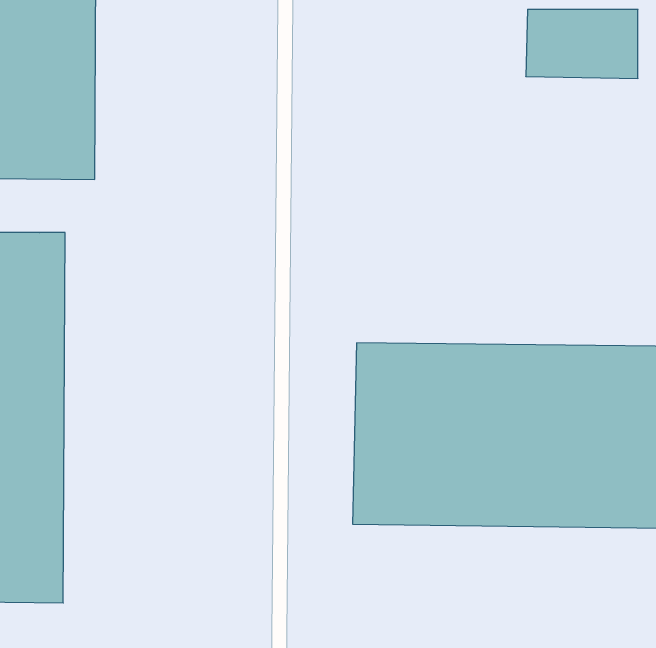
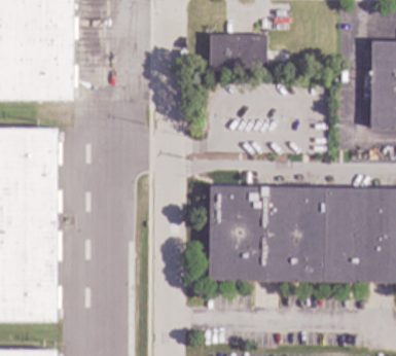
building: [526,9,638,78] -> [208,35,266,71]

